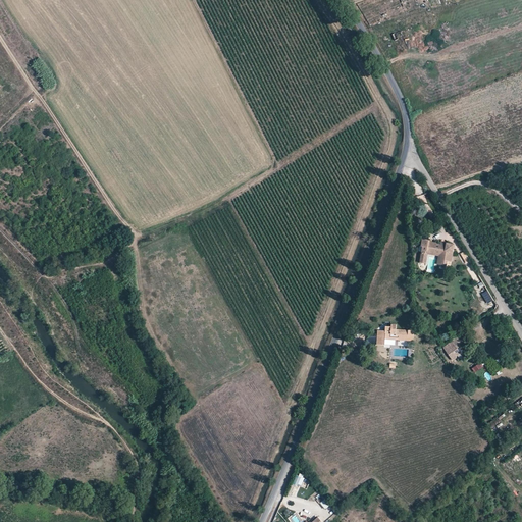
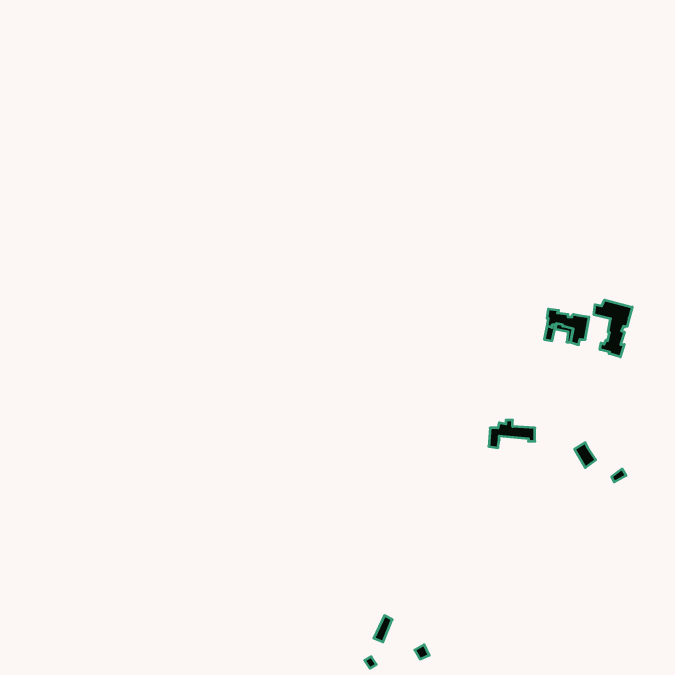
building: none -> [594,300,632,357]

